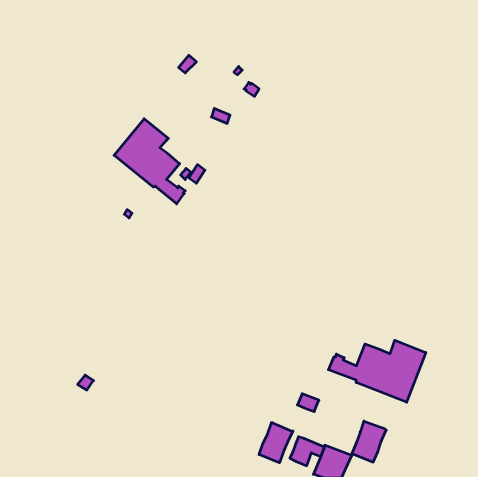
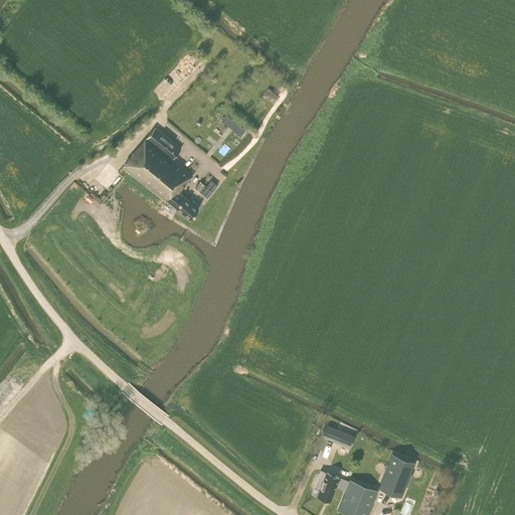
building: [328,340,426,402] -> none
building: [259,423,293,463] -> none

